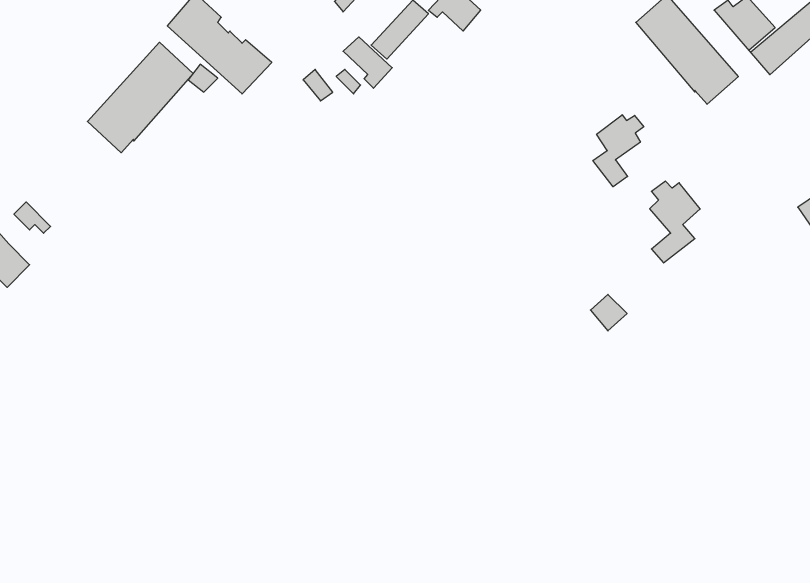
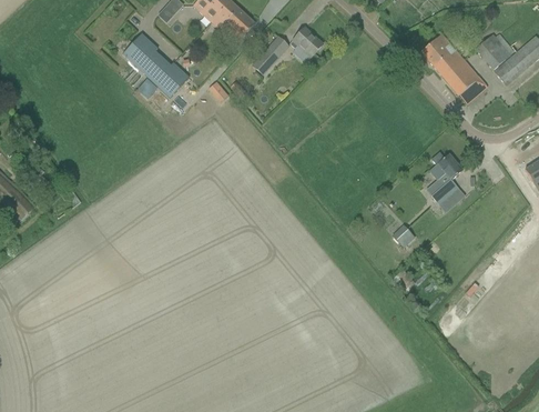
building: [343,37,392,88] -> none
building: [87,42,193,153] -> none
building: [593,115,644,187] -> none

